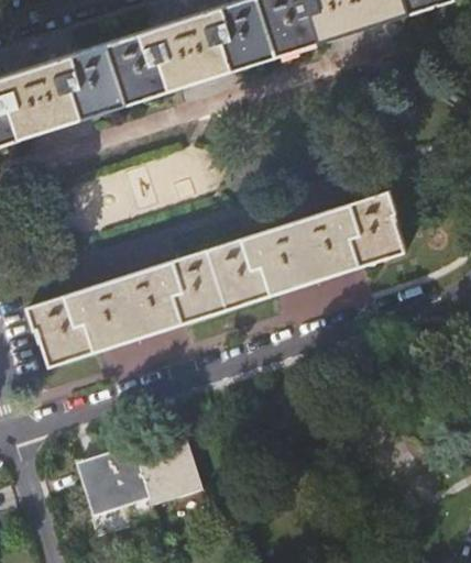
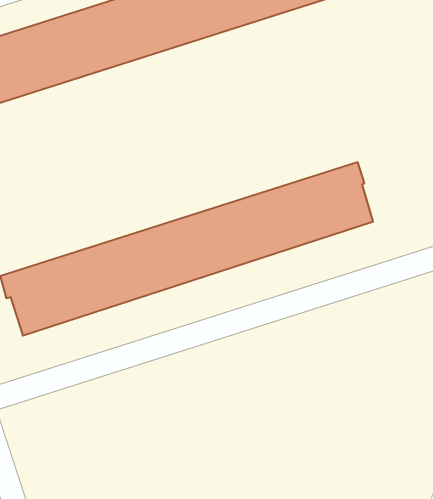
building: [79,444,198,517] -> none

